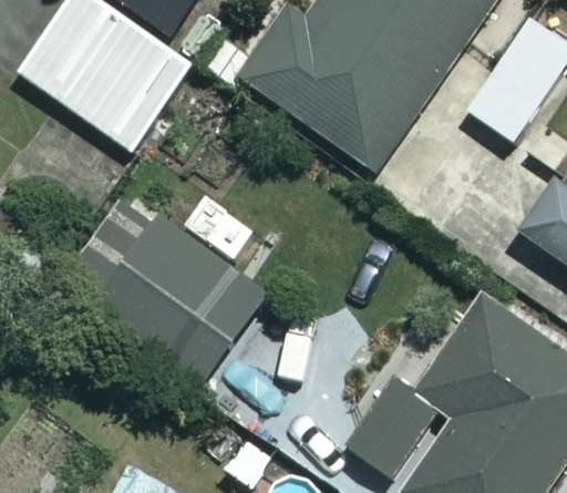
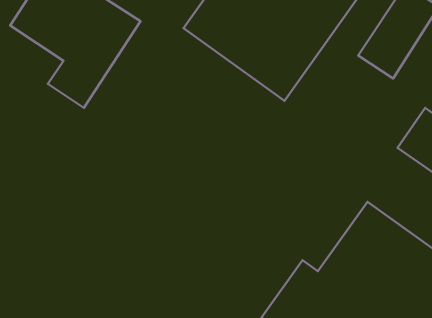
building: [59,210,268,381] -> none

